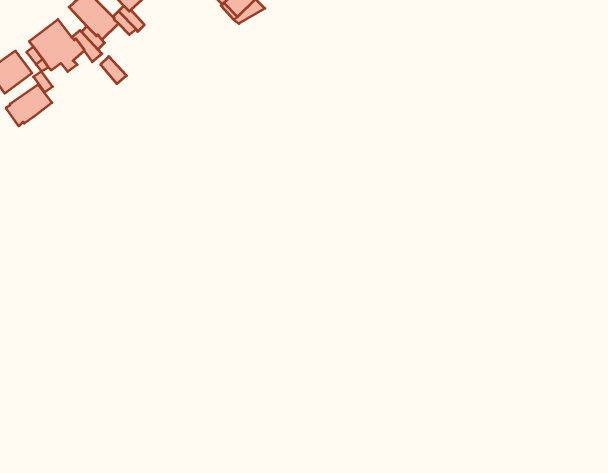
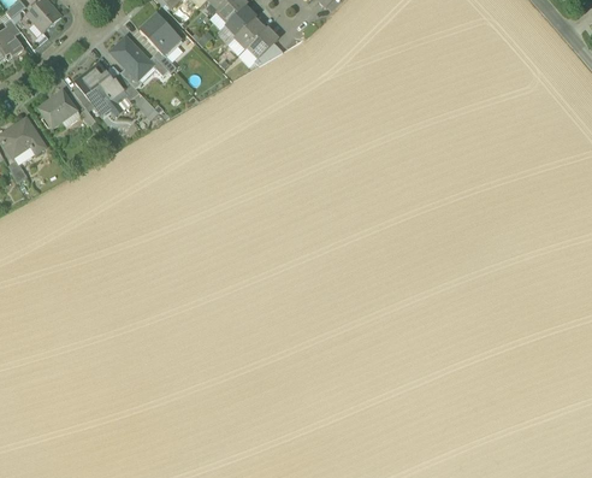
building: [6,84,52,126] -> none

